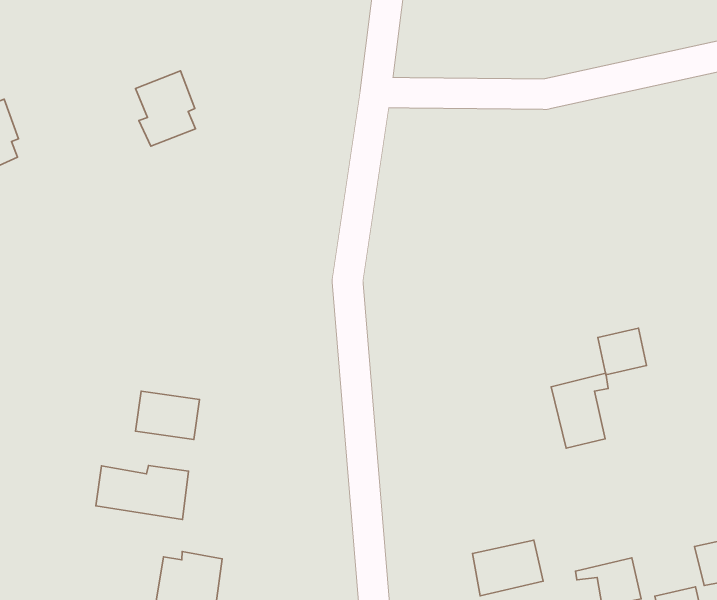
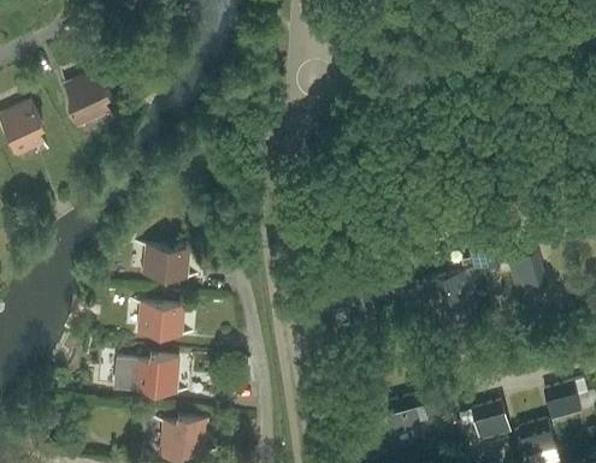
building: [136,71,195,146] -> [64,72,108,127]
building: none -> [143,248,189,280]
building: none -> [509,254,547,292]

